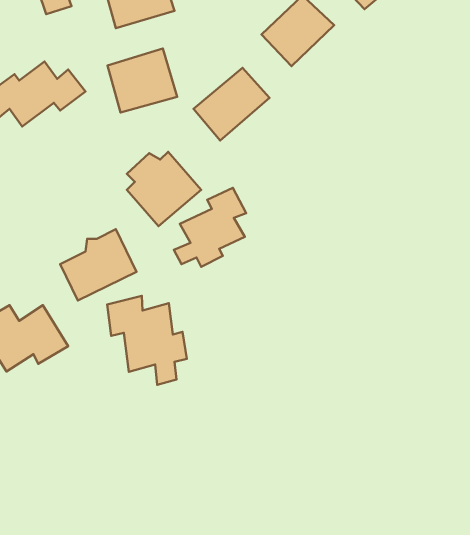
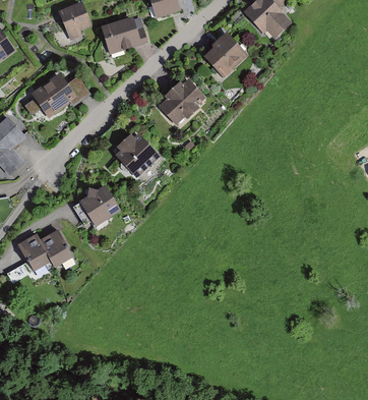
building: [107,48,177,113] -> none
building: [174,188,246,267] -> none
building: [107,296,187,385] -> none

